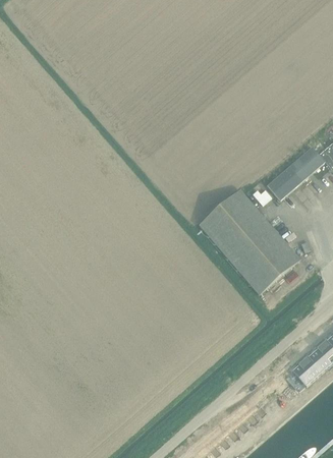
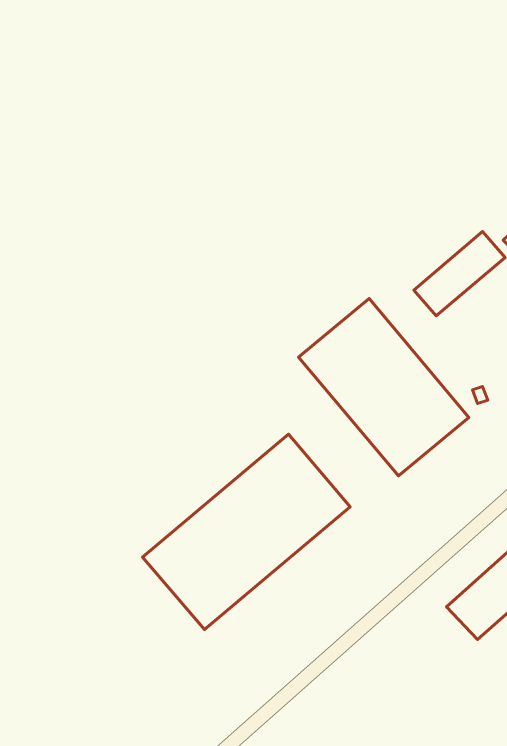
building: none -> [142,434,350,629]

